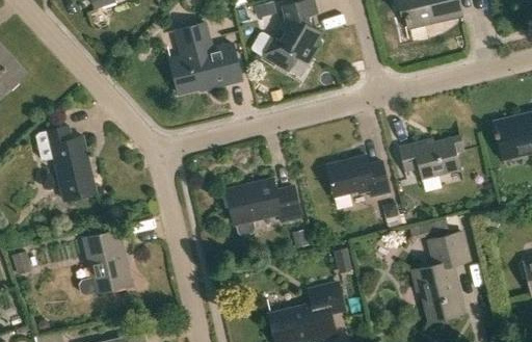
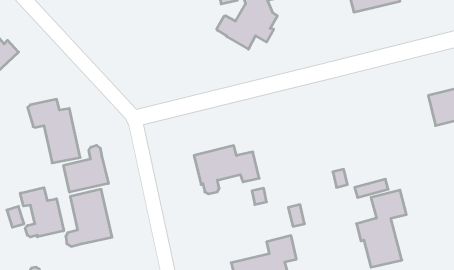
building: [168,23,241,94] -> none
building: [398,135,463,181] -> none
building: [325,156,389,208] -> none
building: none -> [64,145,108,192]
building: none -> [20,188,64,237]

